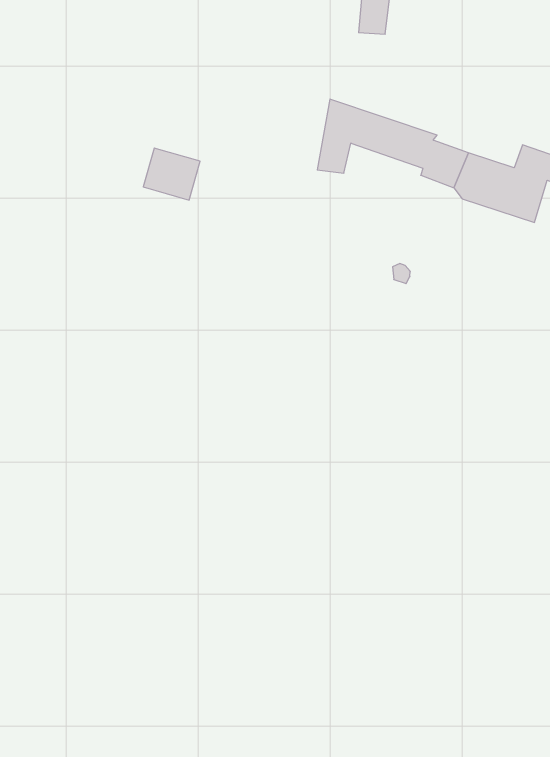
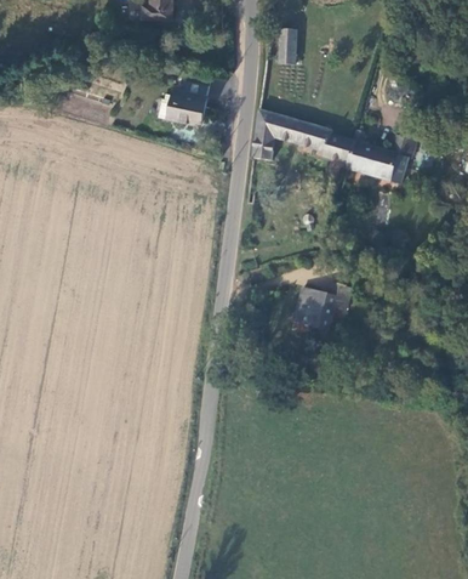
building: [143,148,200,200] -> [169,90,206,124]
building: none -> [295,284,353,330]

